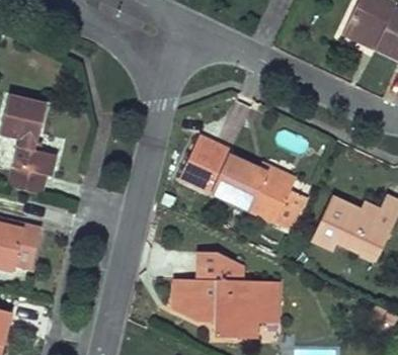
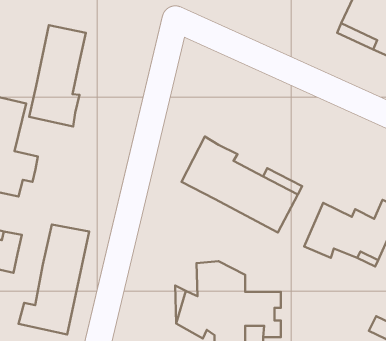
building: none -> [29,25,86,127]
building: none -> [18,224,89,335]

